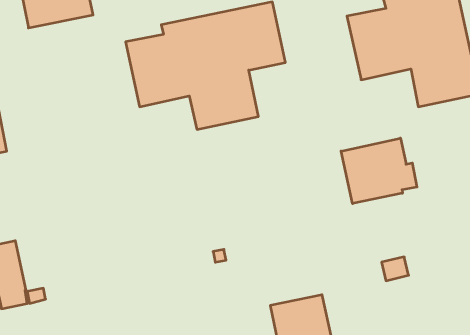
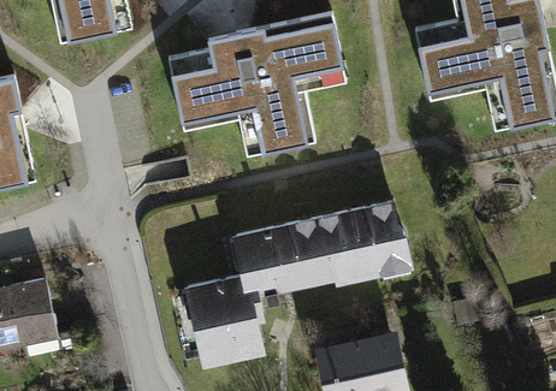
building: [341,138,417,204] -> none
building: none -> [188,203,410,363]

